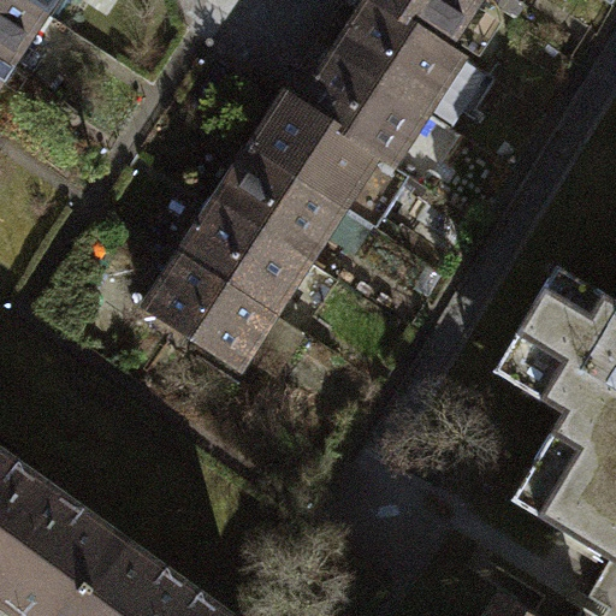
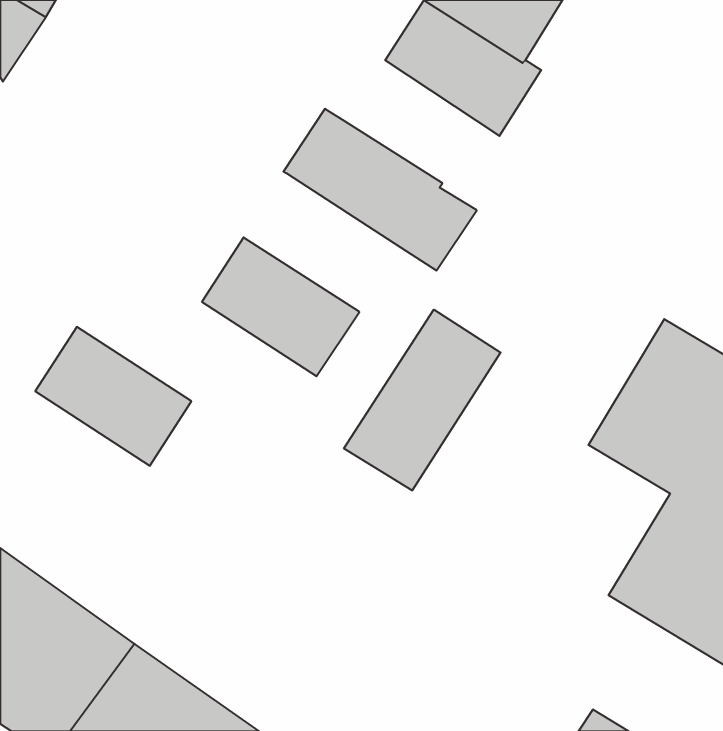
building: [297,51,427,167] -> none
building: [212,146,344,262] -> none
building: [142,254,273,371] -> [35,327,191,466]
building: none -> [344,310,501,491]

